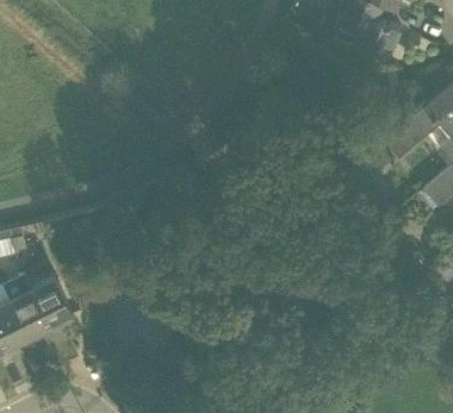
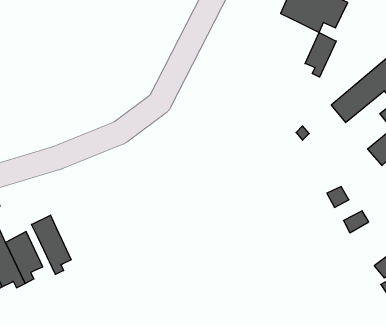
building: none -> [305,32,336,77]
building: none -> [31,215,71,274]

